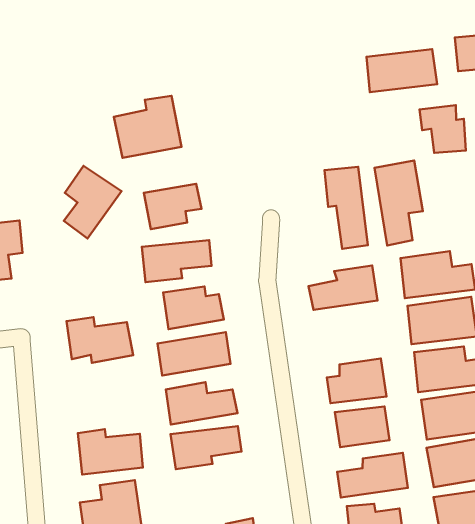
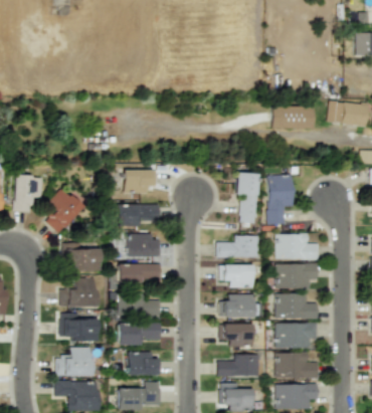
building: [114,96,182,158] -> none
building: [420,105,466,153] -> none
building: [64,166,121,238] -> [45,188,83,233]
building: none -> [219,264,252,288]
building: none -> [60,278,96,307]
building: none -> [127,352,161,376]

